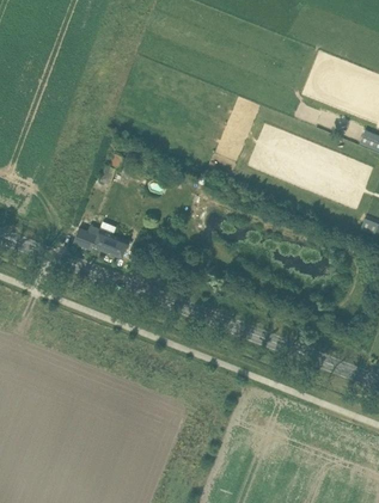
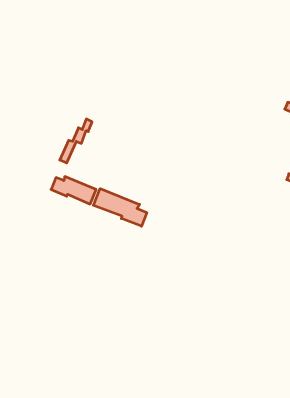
building: none -> [93,189,147,226]

